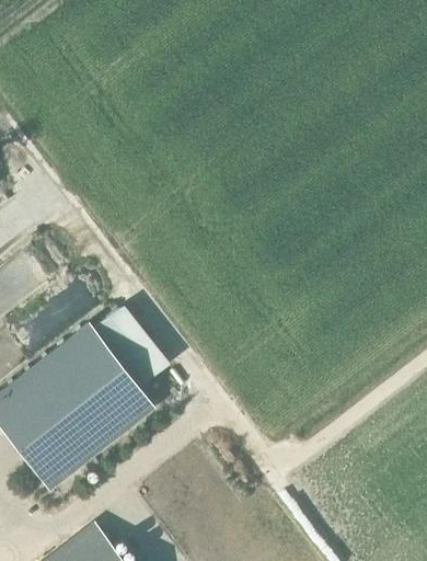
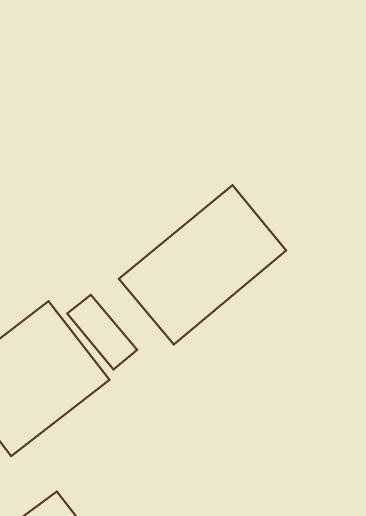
building: none -> [119,185,286,344]

